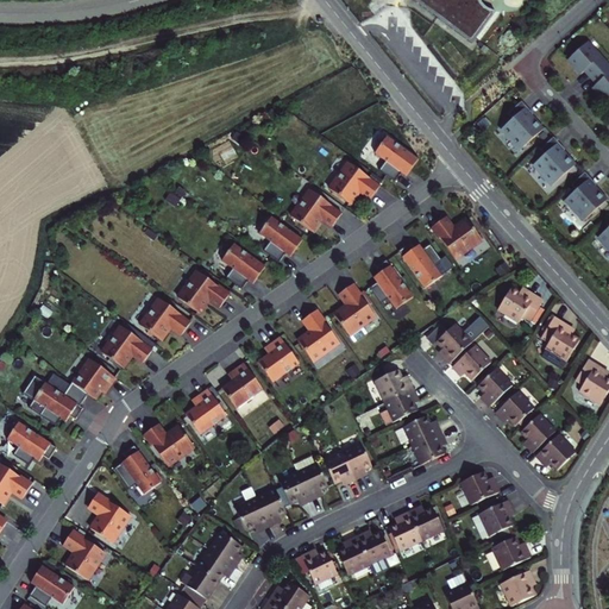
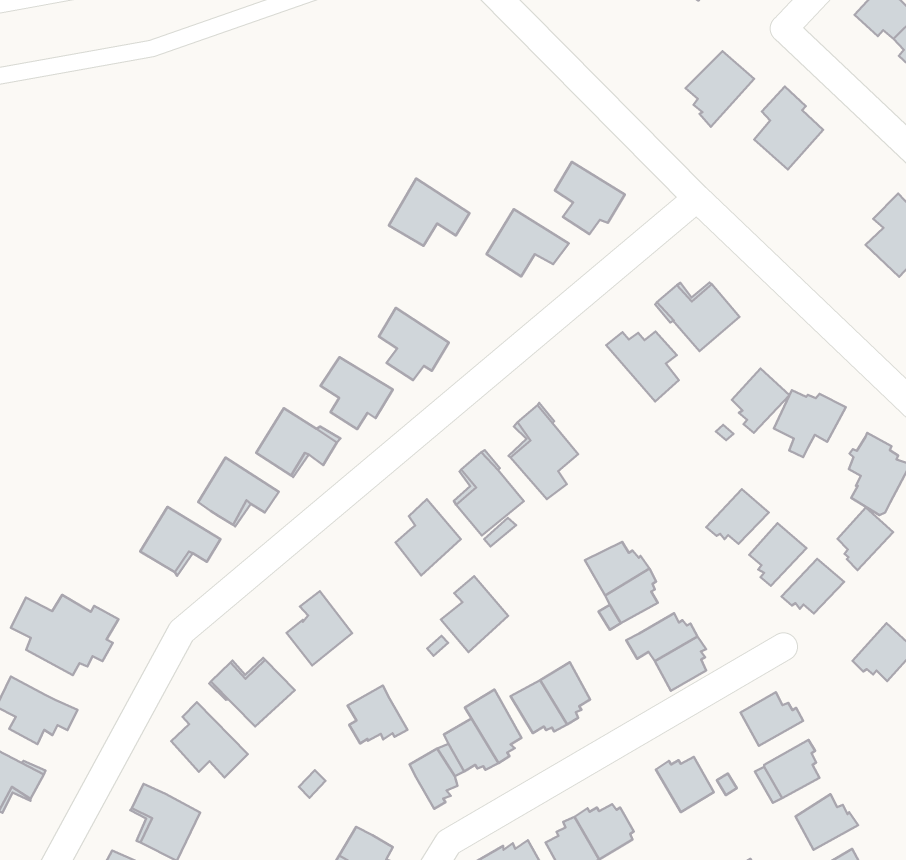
building: none -> [686,51,754,127]
building: [532,136,575,186] -> none
building: [291,188,341,230] -> [389,179,469,246]
building: [370,258,413,307] -> none
building: [435,322,471,362] -> [732,368,790,433]
building: [71,359,114,398] -> none
building: [222,360,264,407] -> [441,576,508,652]
building: [520,413,554,451] -> [837,507,893,570]
building: [234,496,270,530] -> [348,685,408,743]
building: [388,511,421,550] -> none

